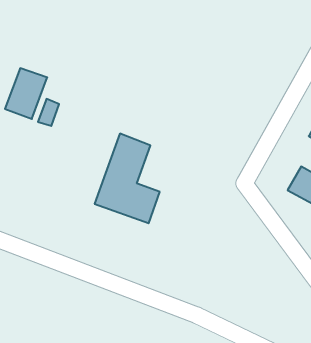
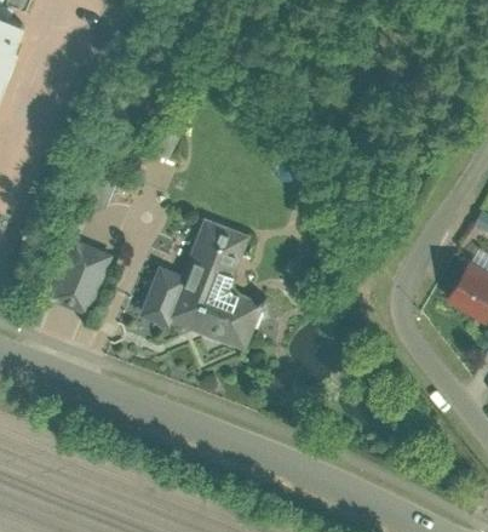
building: [5,68,47,119] -> [50,241,110,314]
building: none -> [140,267,184,324]

